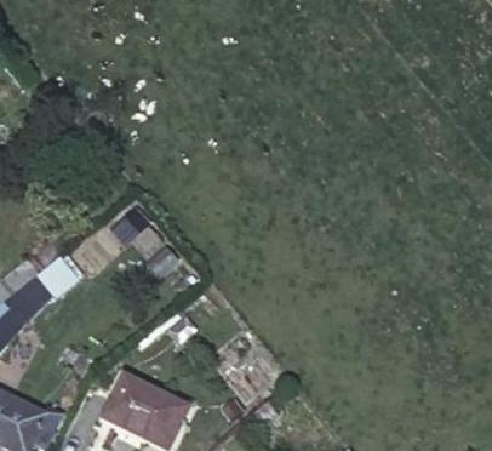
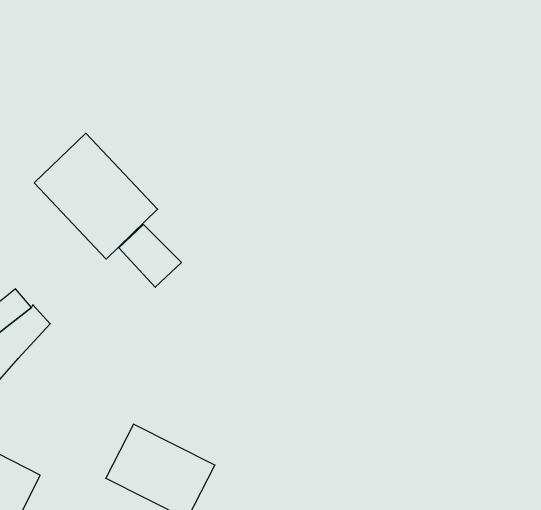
building: none -> [34,133,158,259]

